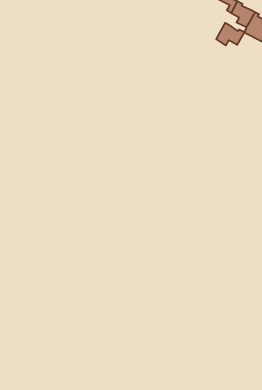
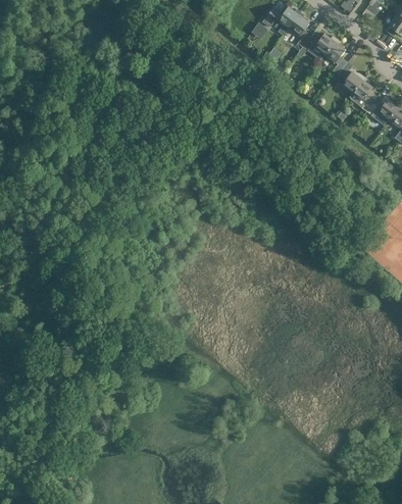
building: [216,23,245,46] -> none

